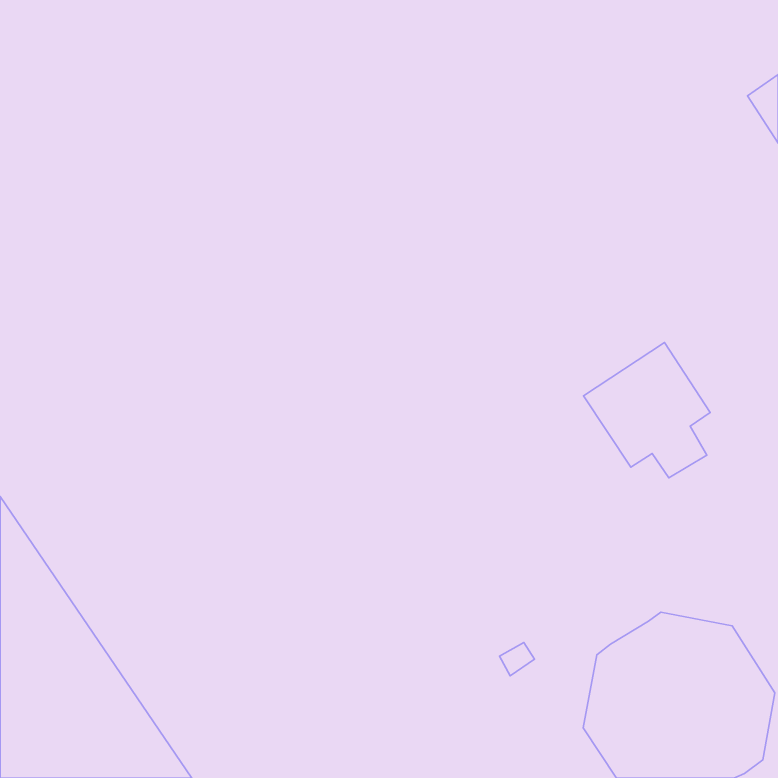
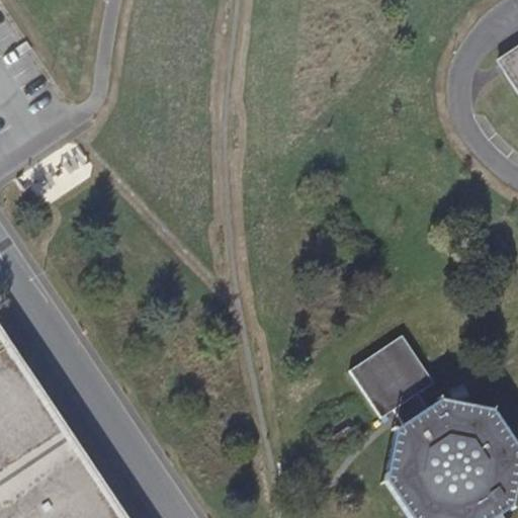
building: [584,342,710,478] -> [349,338,433,428]

